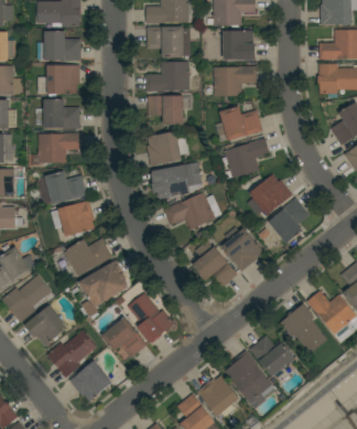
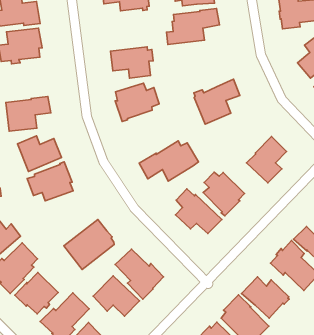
building: [144,62,188,92] -> none
building: [43,99,79,129] -> none
building: [216,106,262,141] -> none
building: [150,162,202,197] -> none
building: [247,174,292,216] -> none
building: [63,238,112,277] -> none

